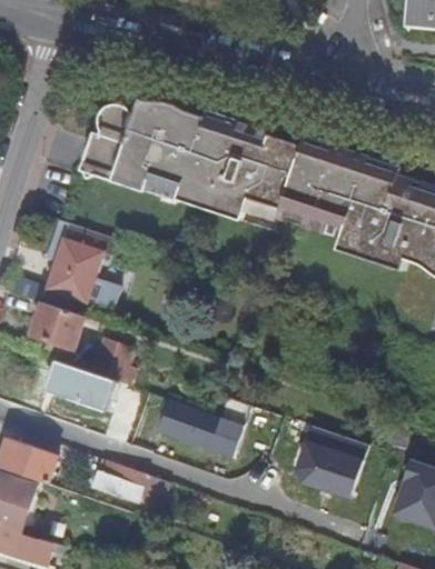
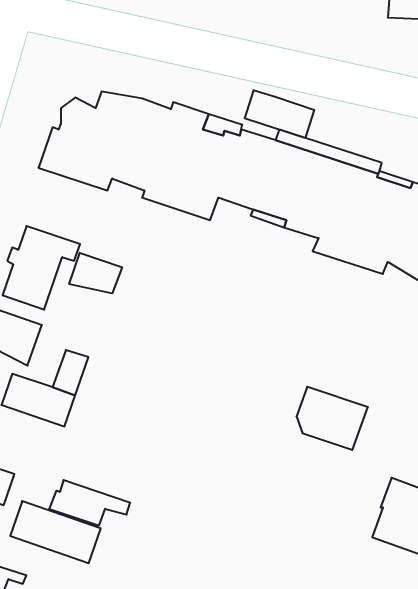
building: none -> [245,90,314,138]
building: none -> [69,253,122,293]
building: [158,400,243,458] -> [10,501,101,563]
building: [296,439,363,498] -> [296,387,368,450]

